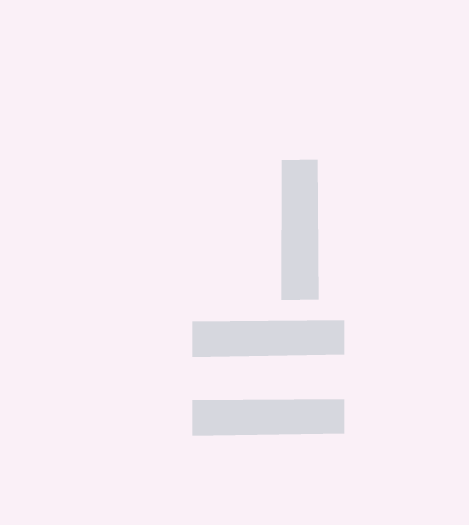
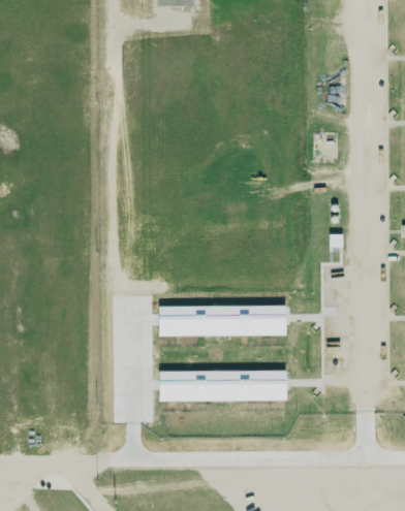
building: [281,159,319,301] -> none

